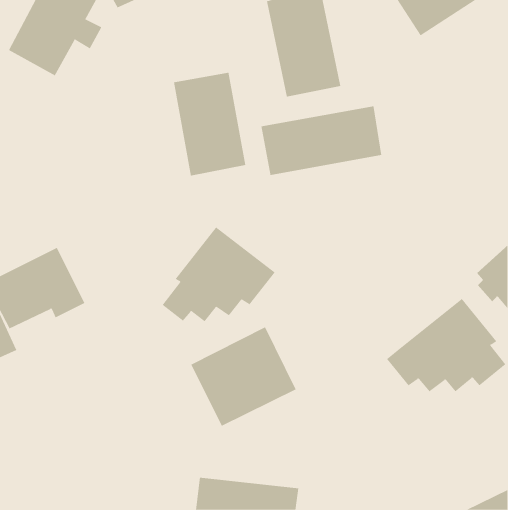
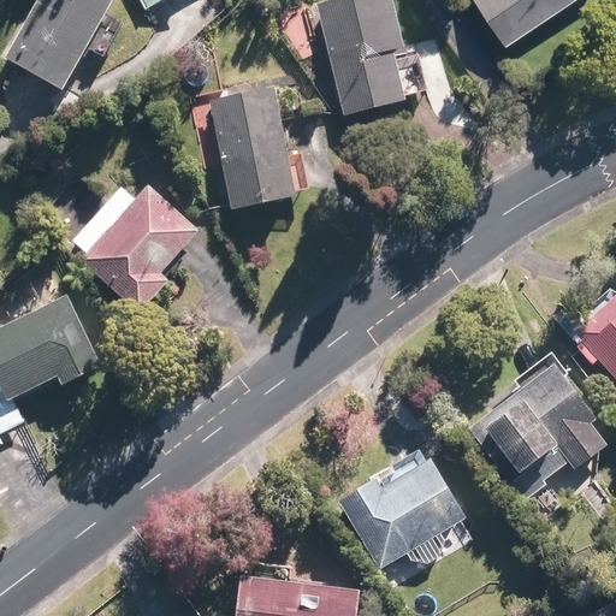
building: [261,105,382,176] -> none
building: none -> [65,182,211,321]
building: [162,227,276,322] -> none
building: [190,327,296,427] -> [337,449,464,569]

